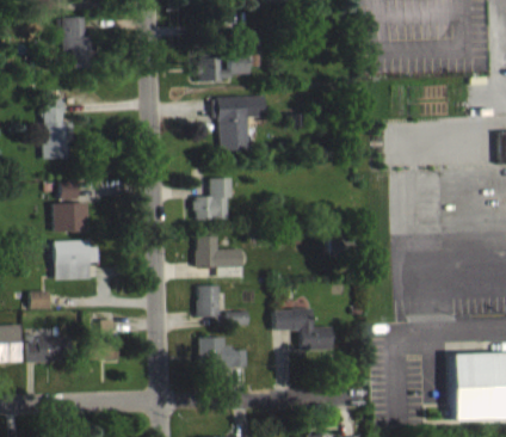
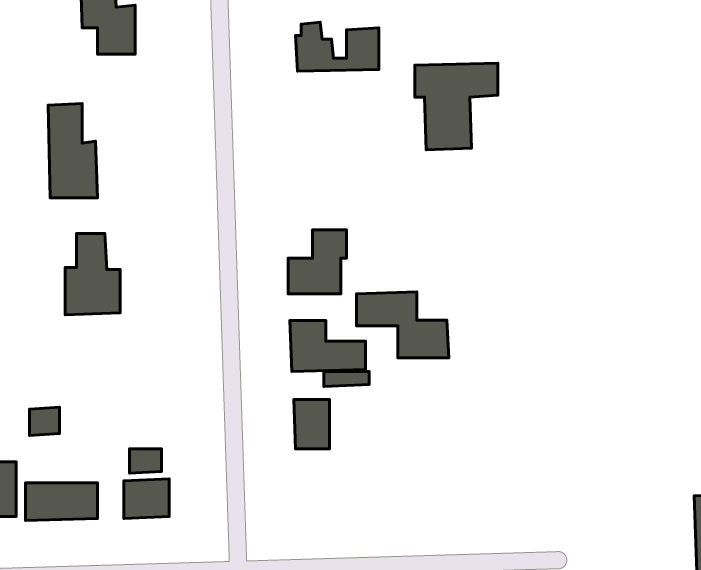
building: [212,98,265,153] -> [415,63,498,150]
building: [53,241,90,282] -> none
building: [274,310,333,352] -> [356,292,449,358]
building: [199,339,247,370] -> none

